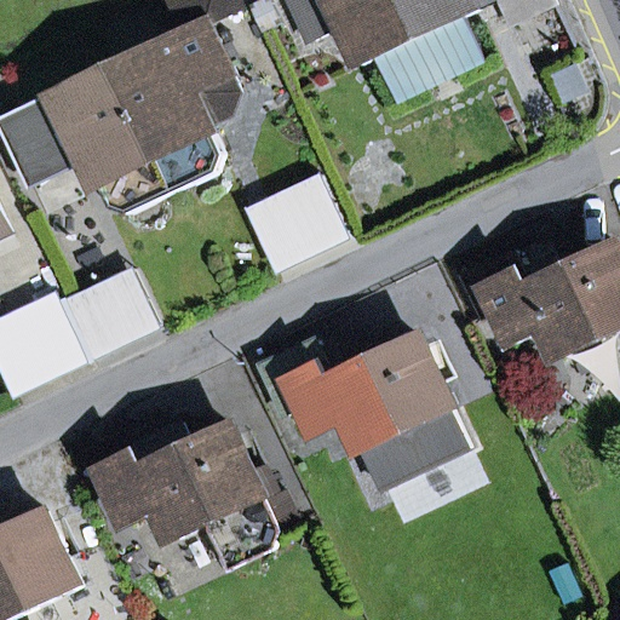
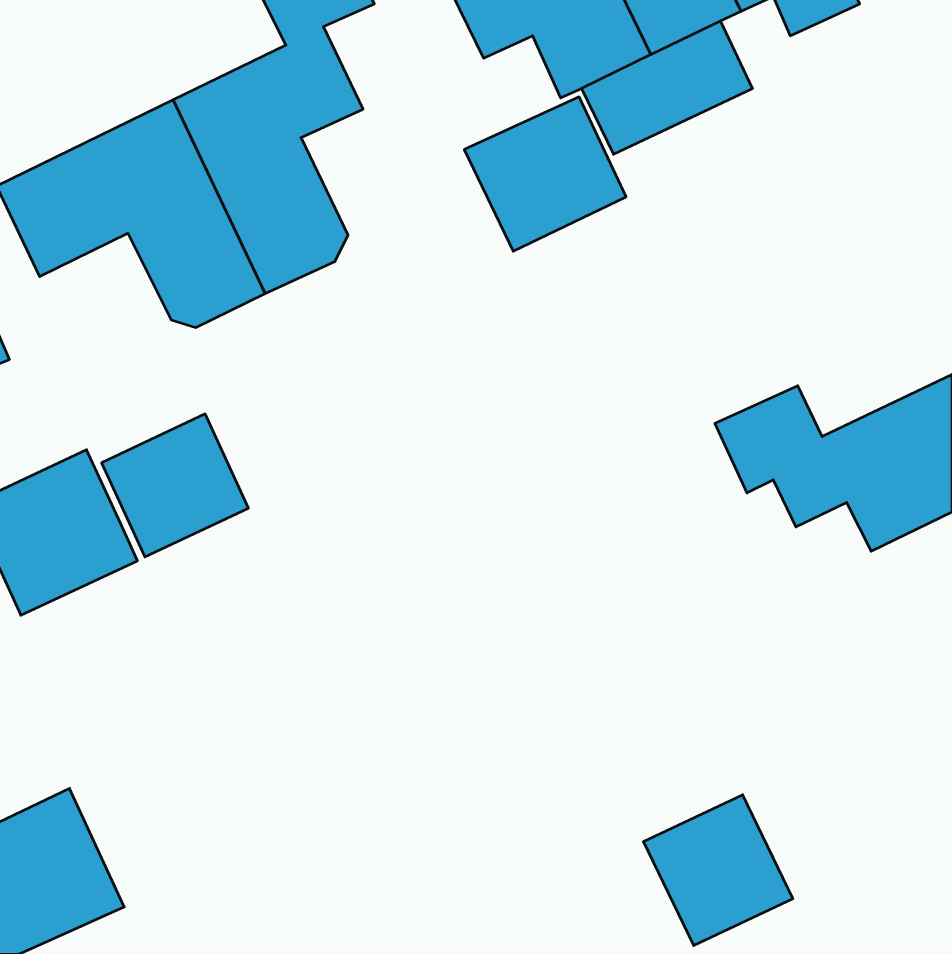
building: [245,172,349,271] -> [464,97,626,251]
building: [260,334,469,487] -> none
building: [102,419,281,566] -> none
building: none -> [643,795,793,946]

